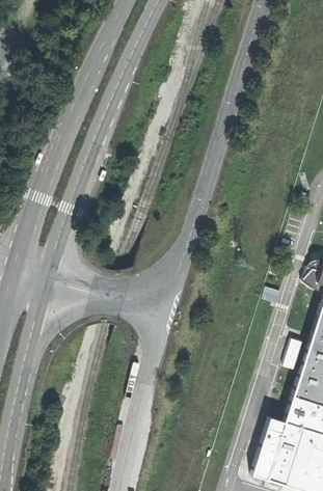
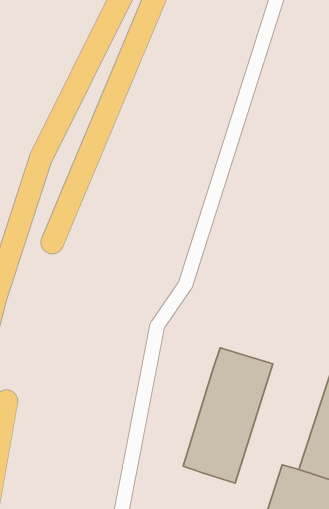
building: none -> [183,348,273,483]

